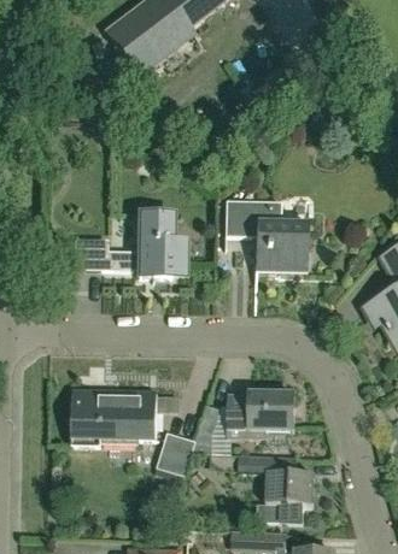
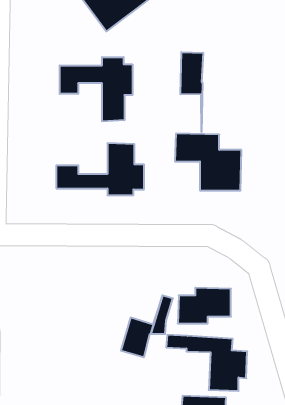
building: none -> [180,52,203,132]
building: none -> [60,57,132,121]
building: [72,390,178,444] -> none

